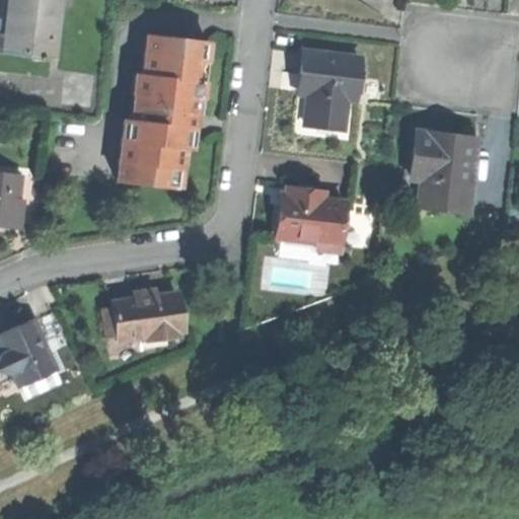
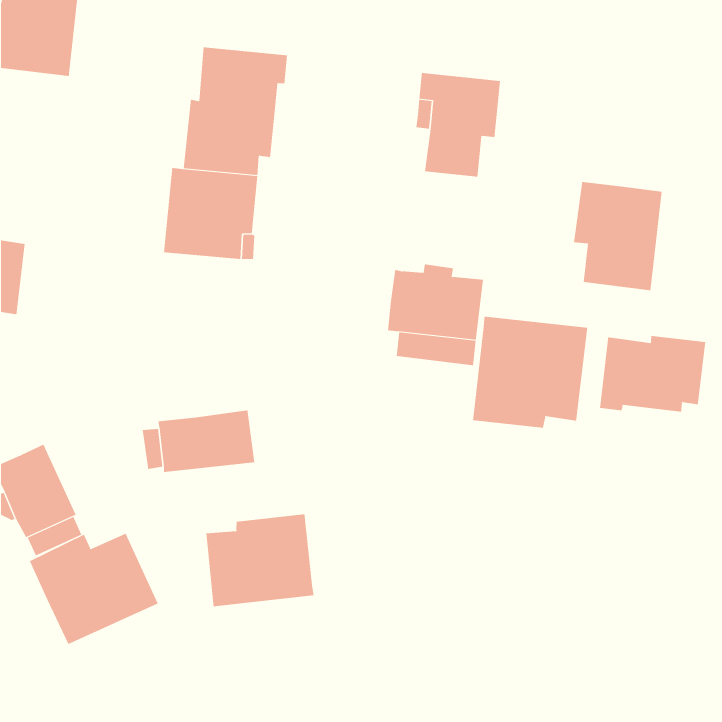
building: none -> [472,316,588,429]
building: none -> [599,335,706,412]
building: none -> [206,513,314,607]
building: none -> [29,533,159,645]

